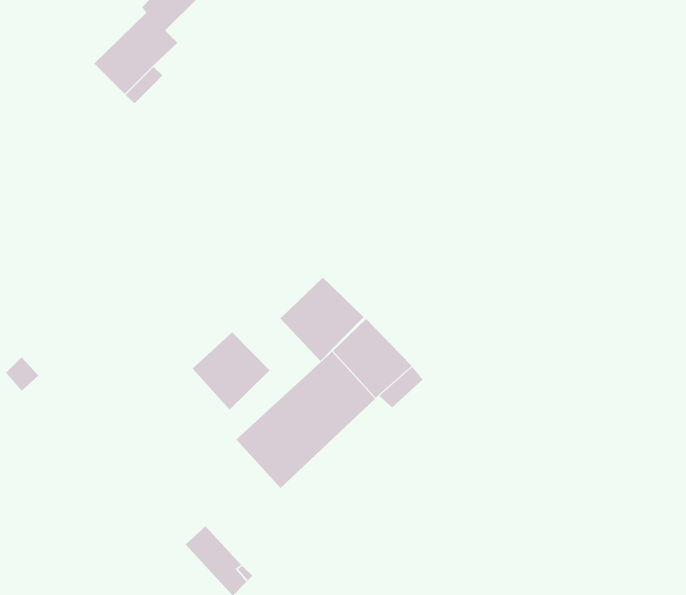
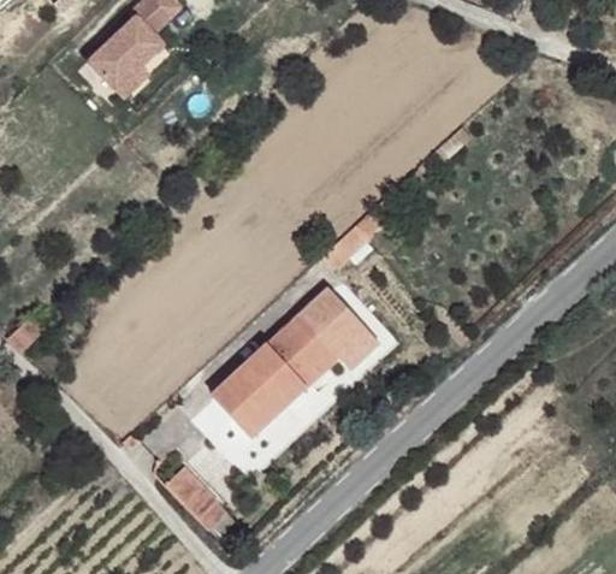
building: [279,277,364,362] -> none
building: [192,331,271,410] -> none

